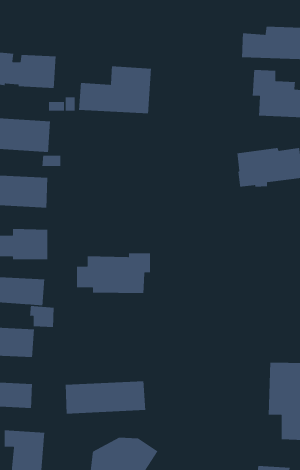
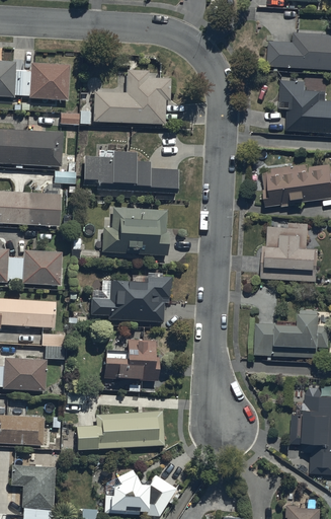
building: none -> [76,144,179,193]
building: none -> [101,207,171,257]
building: none -> [261,221,317,279]
building: none -> [254,310,319,360]
building: none -> [102,340,162,384]

